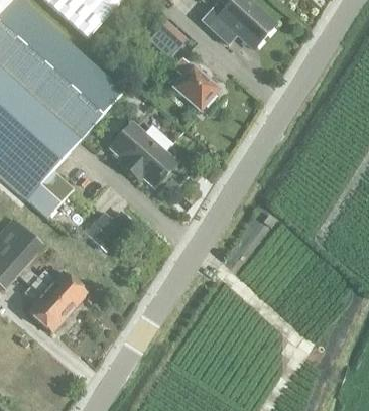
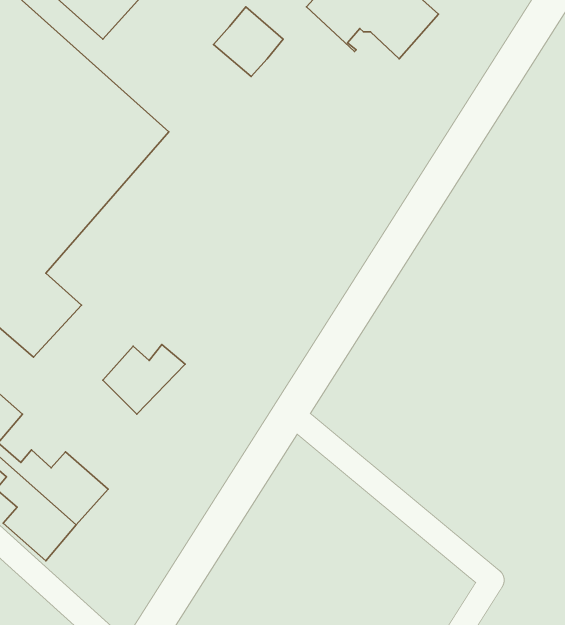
building: [175,58,220,109] -> none
building: [109,122,176,186] -> none

